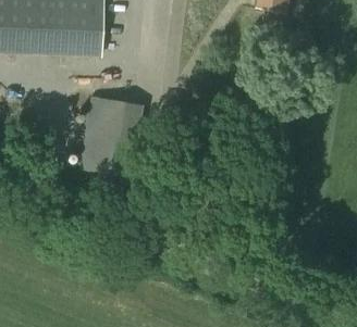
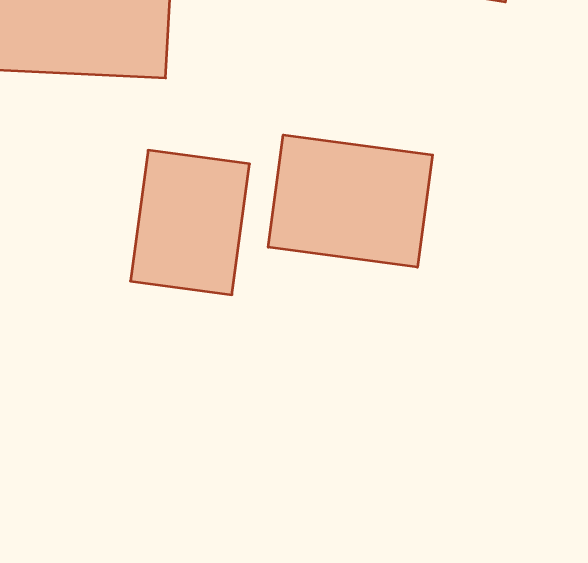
building: none -> [268,135,433,267]

